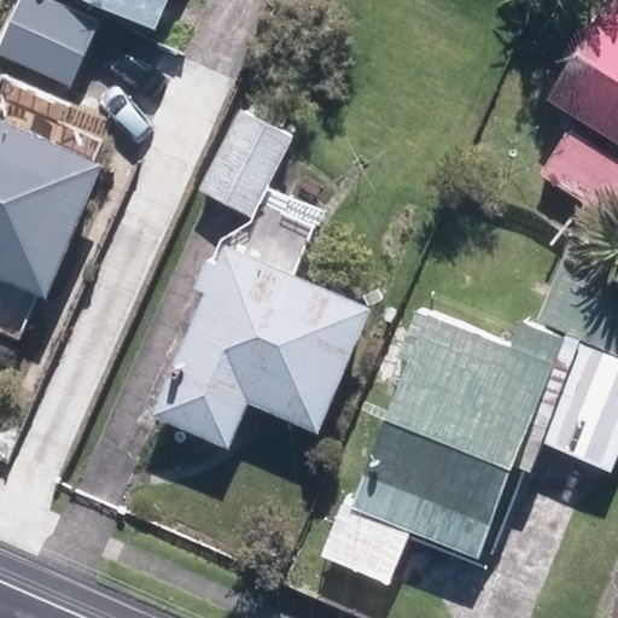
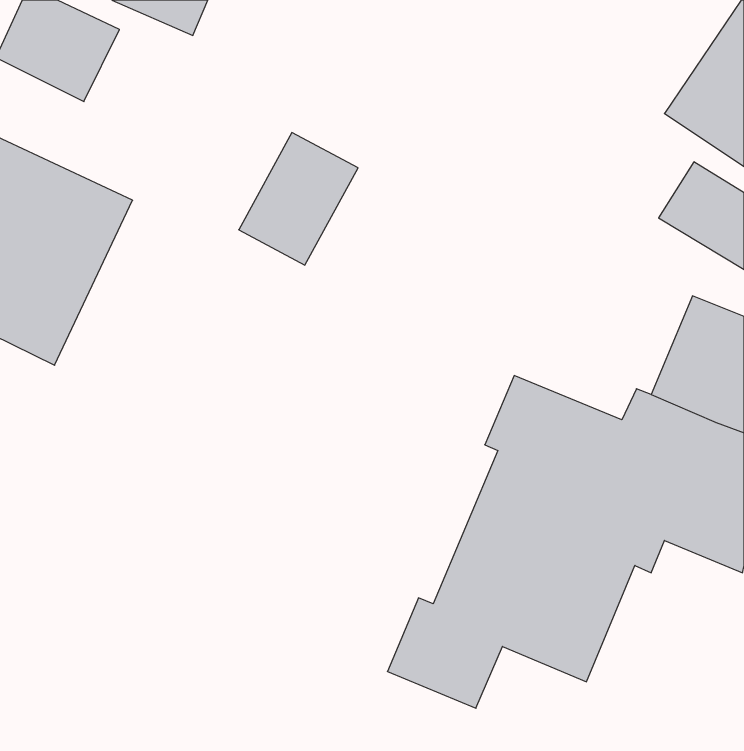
building: [152,243,373,451] -> none

